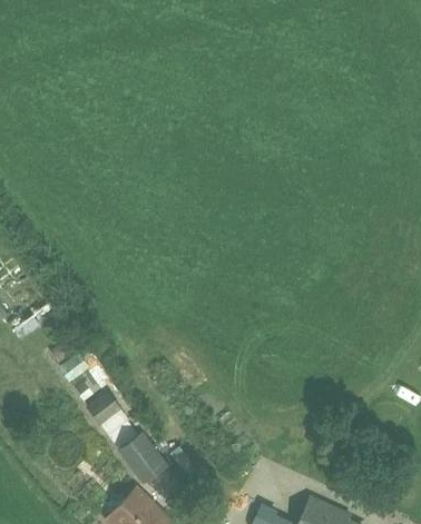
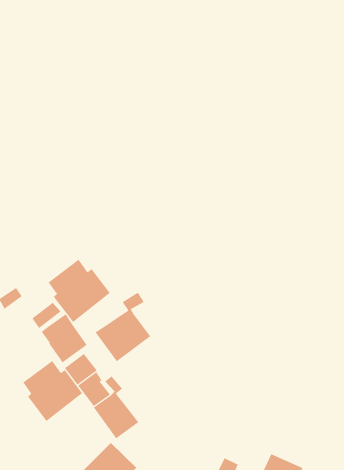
building: none -> [48,259,111,323]
building: none -> [95,292,152,362]
building: none -> [23,360,83,422]

